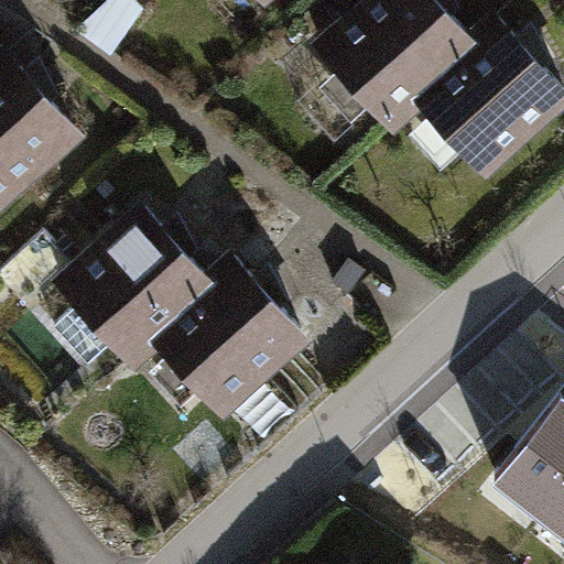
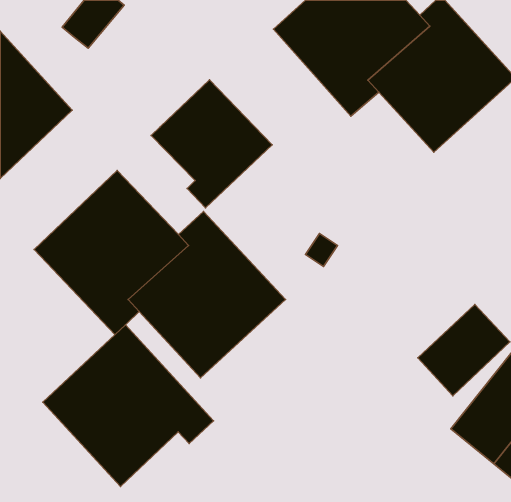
building: none -> [151,80,272,208]
building: none -> [43,325,214,487]

